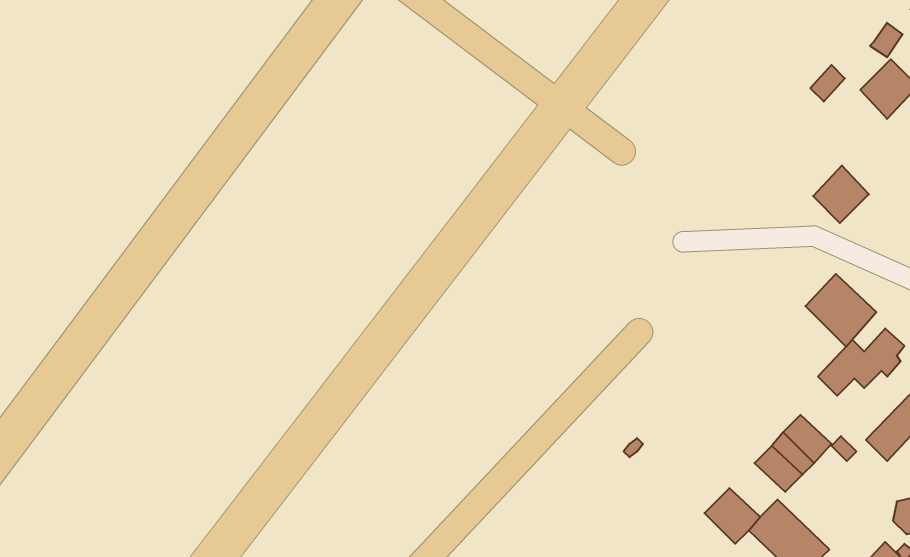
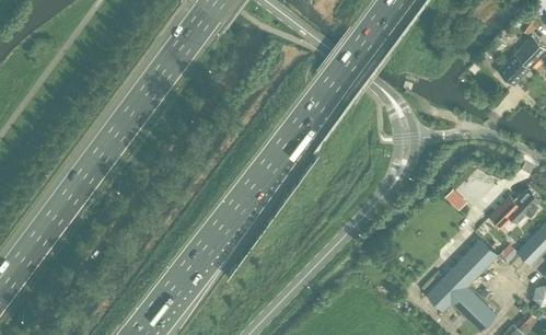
building: [813,165,869,223] -> [498,54,530,86]
building: [805,274,876,347] -> none
building: none -> [440,266,472,297]

